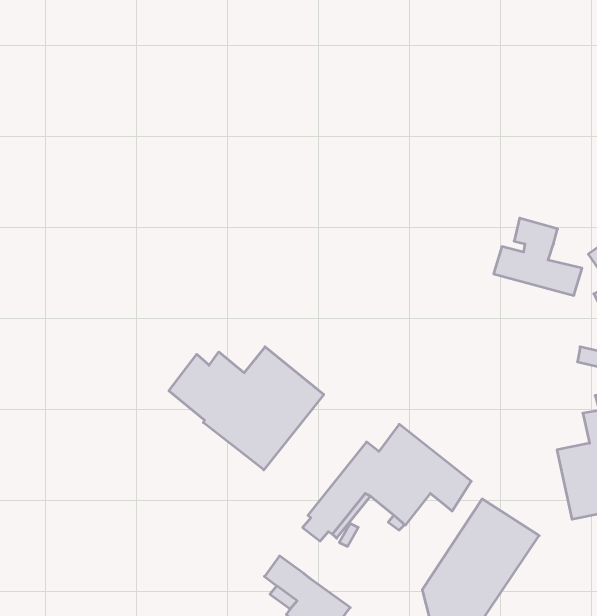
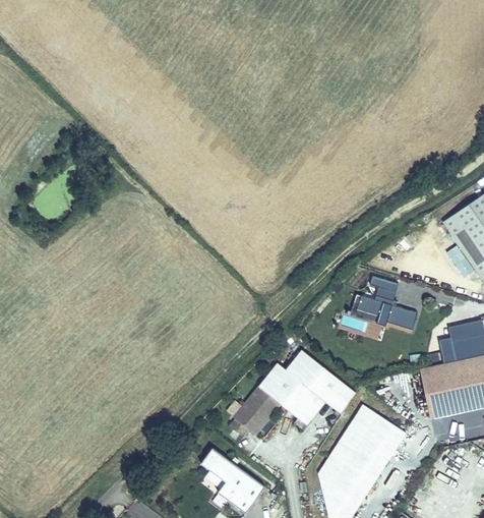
building: [494,218,582,295] -> [352,274,418,332]
building: [169,347,324,470] -> none

